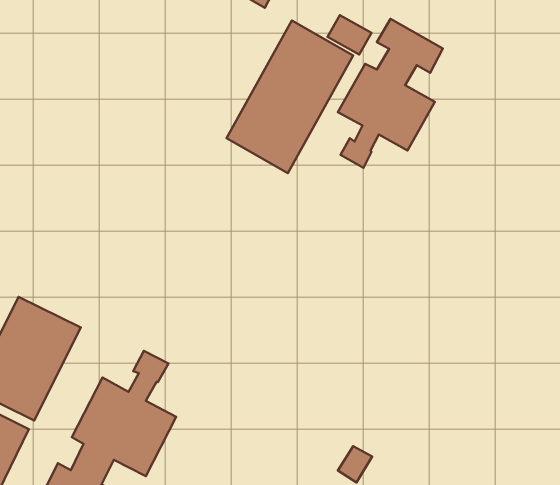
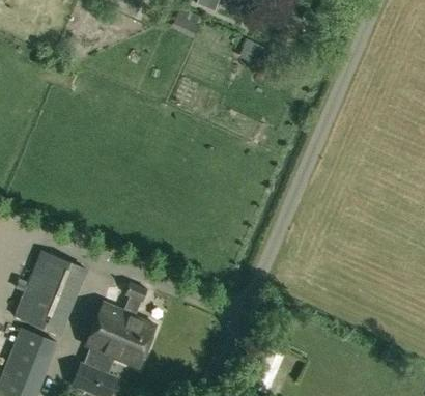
building: [338,19,443,168] -> none
building: [227,20,353,173] -> none

